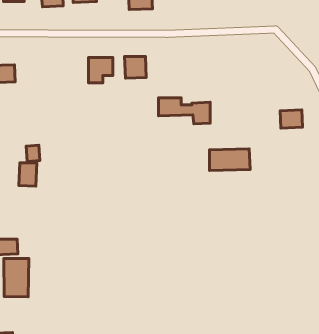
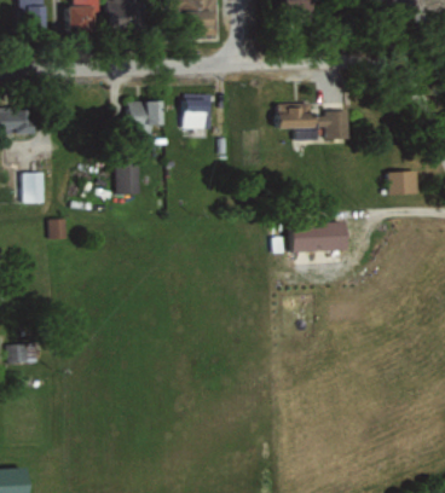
building: [159,98,210,124] -> [279,104,348,139]
building: none -> [112,167,139,193]
building: [19,163,37,186] -> [19,172,44,203]
building: [4,258,29,297] -> none

